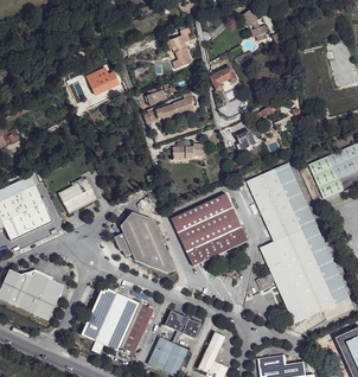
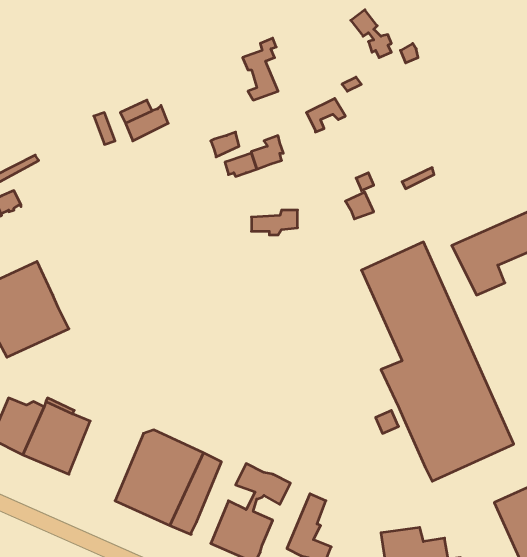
building: [57,178,96,212] -> none
building: [170,192,247,266] -> none
building: [114,212,174,273] -> none

